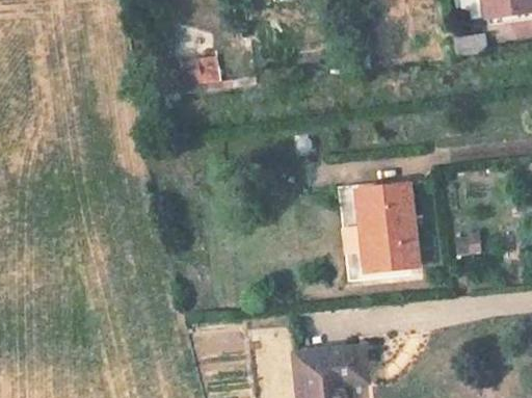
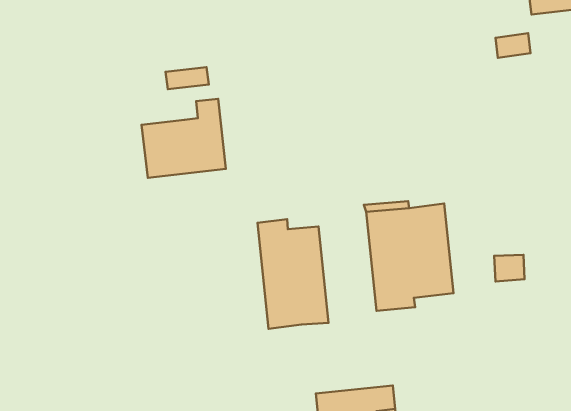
building: none -> [142,99,226,178]
building: none -> [258,219,329,329]

